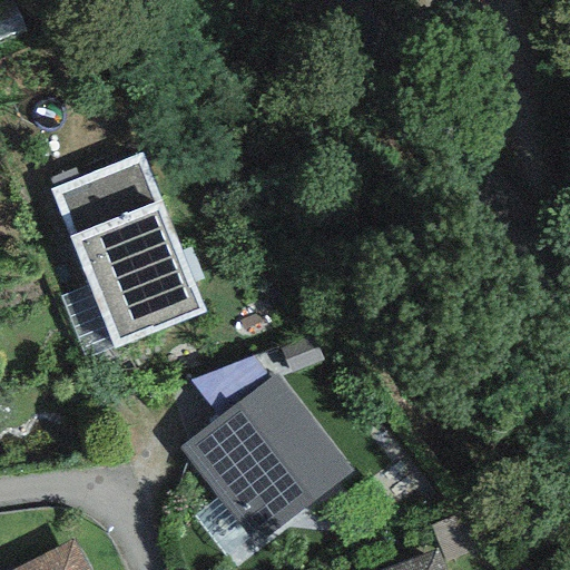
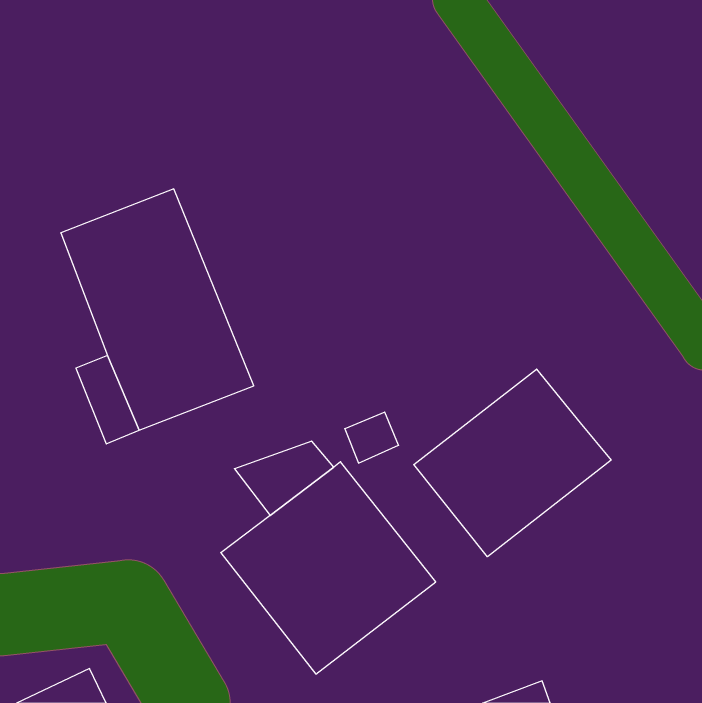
building: none -> [414,369,611,557]

